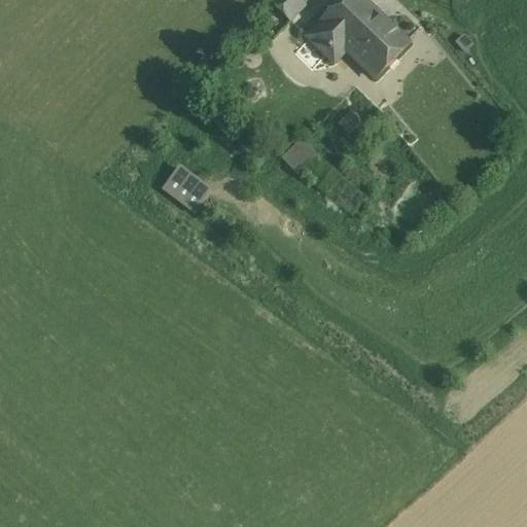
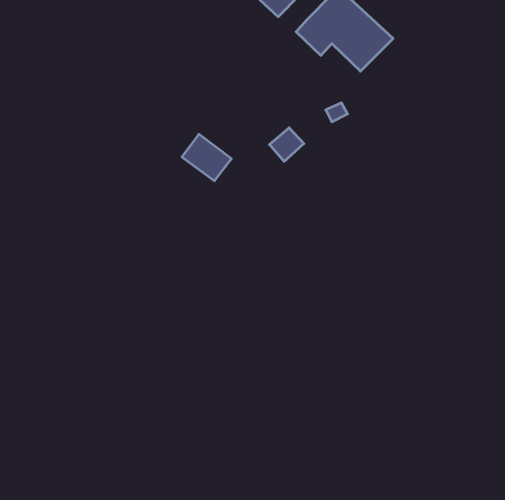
building: [162,166,213,214] -> [182,134,231,181]

